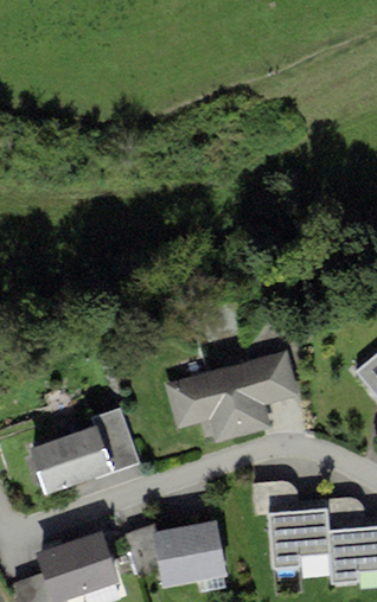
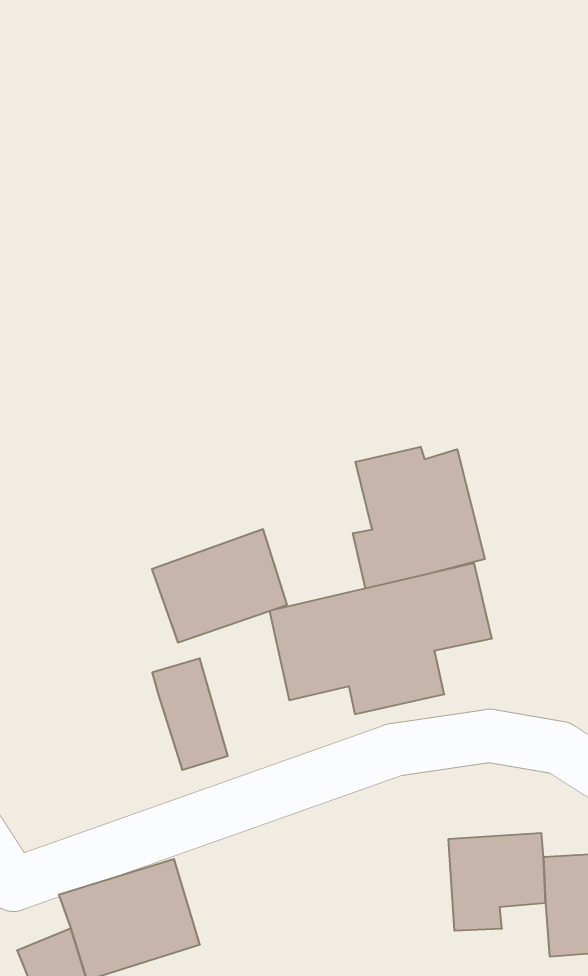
building: none -> [353,447,485,588]
building: [30,428,110,495] -> [152,529,287,642]
building: [132,520,229,588] -> none

